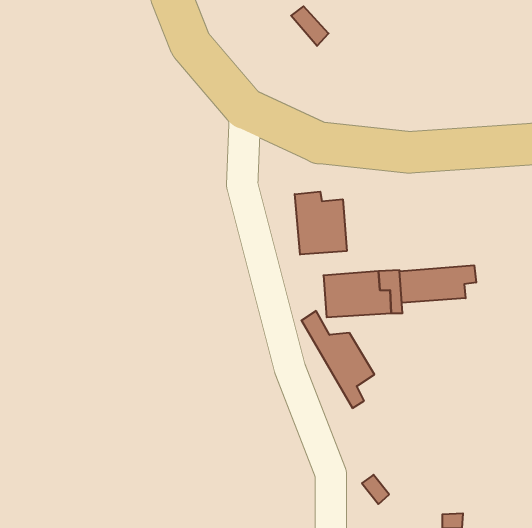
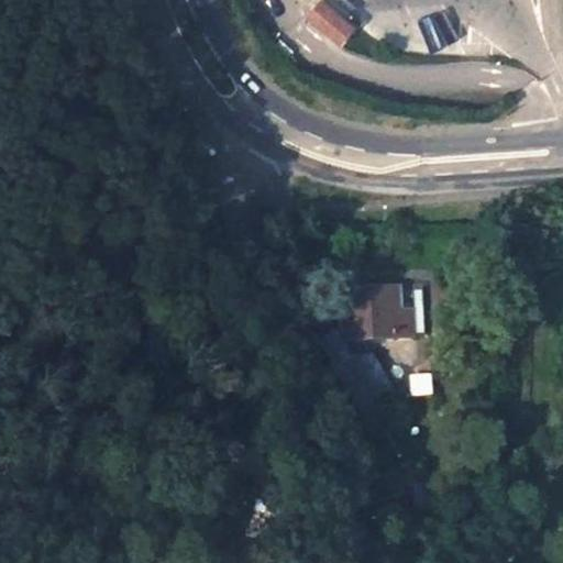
building: [295,192,347,255] -> none
building: [400,265,476,303] -> none

